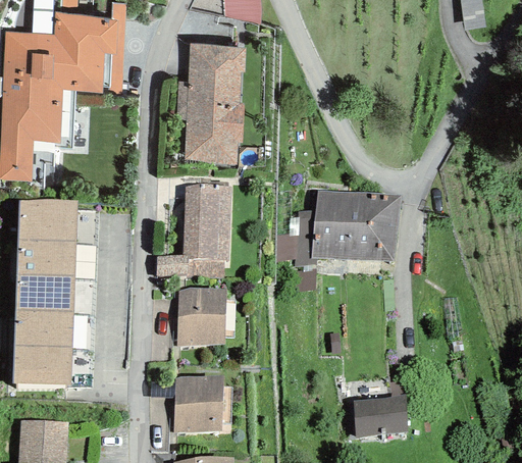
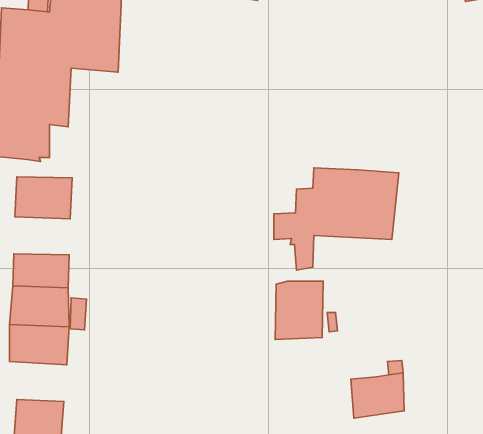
building: [175,43,245,164] -> none
building: [156,184,230,277] -> none
building: [17,239,73,276] -> none
building: [176,288,224,346] -> [275,281,323,340]
building: [173,374,222,432] -> none

